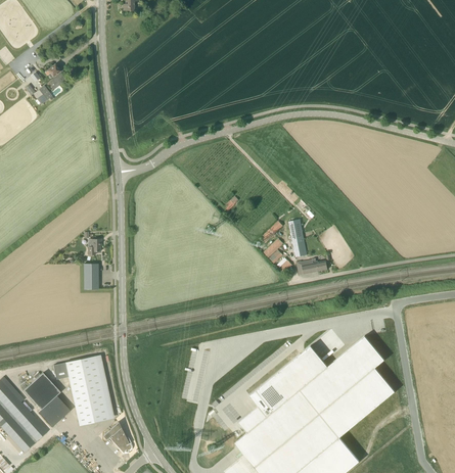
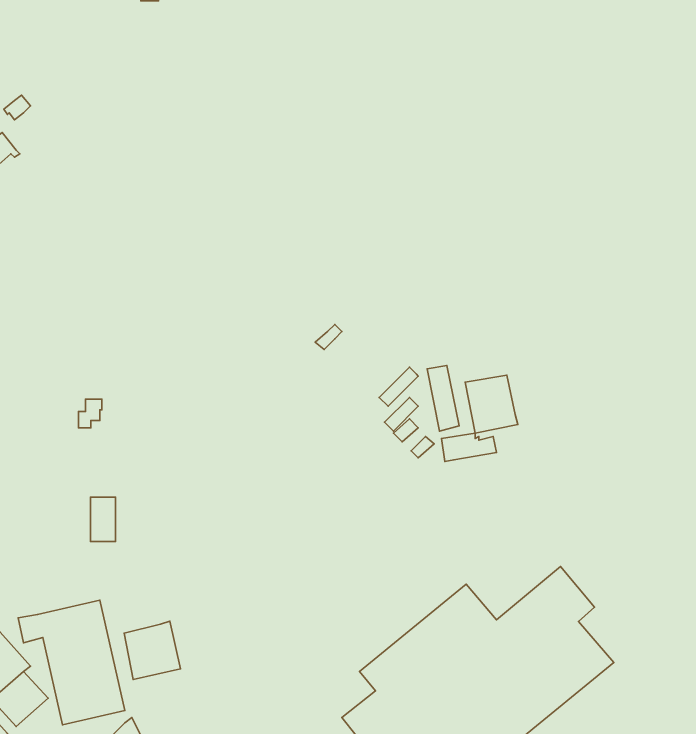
building: none -> [465,375,518,433]
building: [84,264,98,289] -> [91,497,115,542]
building: none -> [124,621,180,680]

